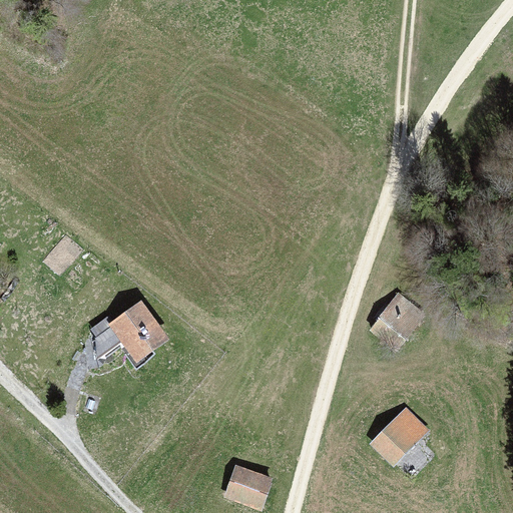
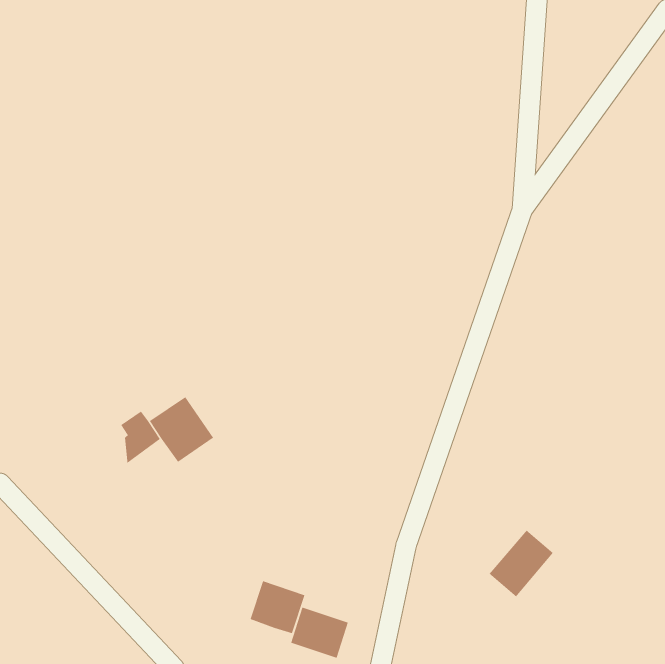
building: [370,289,424,345] -> none
building: none -> [249,580,306,634]

